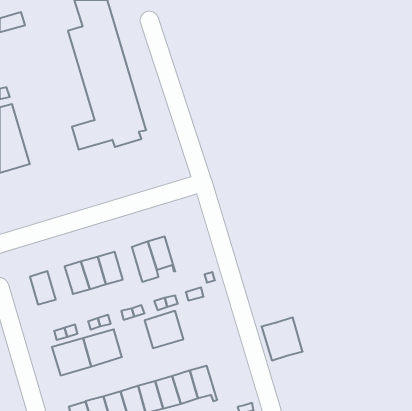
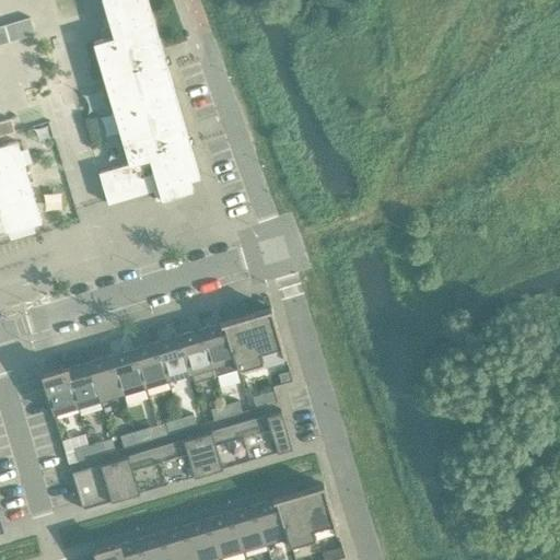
building: none -> [223,310,283,370]
building: none -> [155,337,189,381]
building: none -> [65,363,98,408]
building: none -> [237,411,291,462]
building: [261,318,303,360] -> [280,486,336,544]
building: none -> [154,436,207,486]

